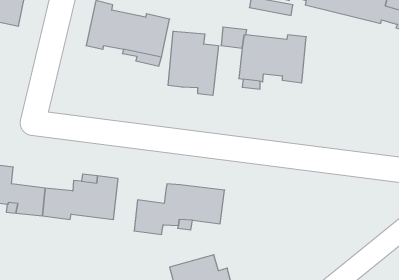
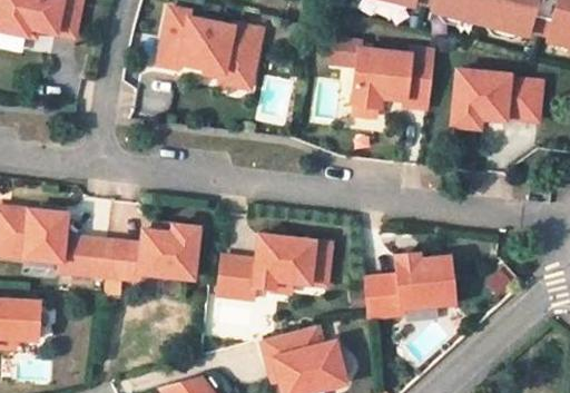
building: [168,31,218,95] -> none
building: none -> [452,70,542,128]
building: none -> [364,254,454,317]

